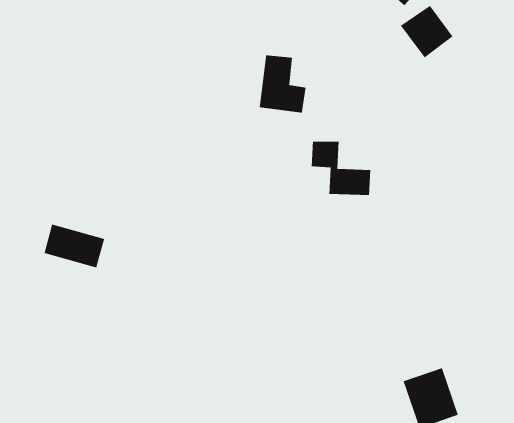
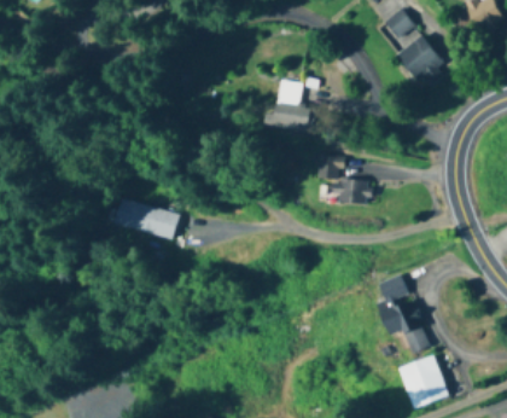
building: [43,223,105,269] -> [124,201,179,240]
building: none -> [378,275,427,354]

